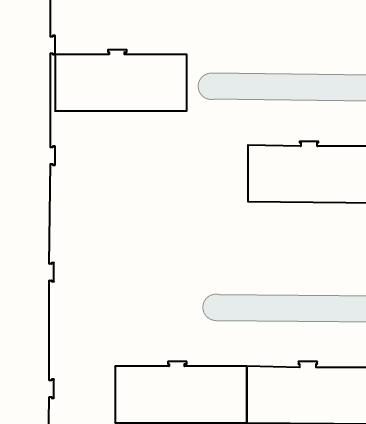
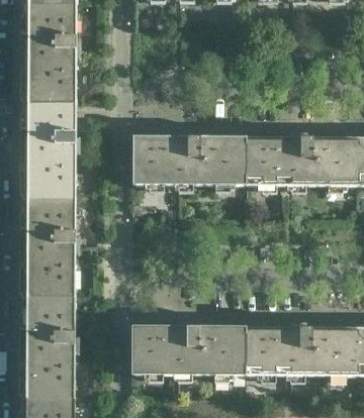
building: [55,50,187,111] -> [132,132,246,185]

